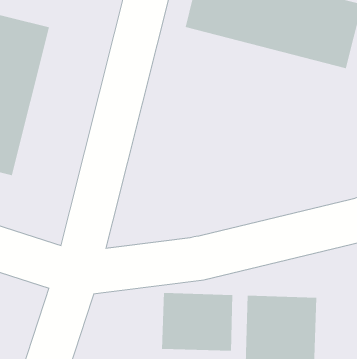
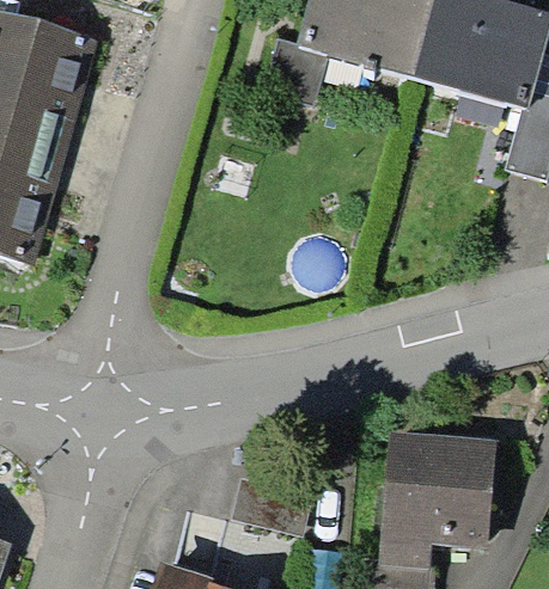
building: [161,292,233,351] -> none

